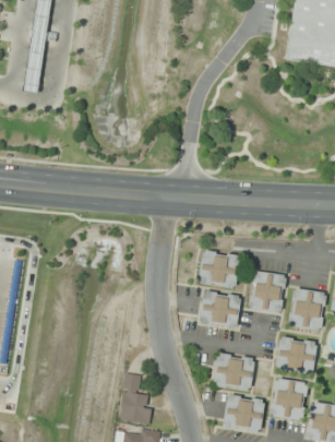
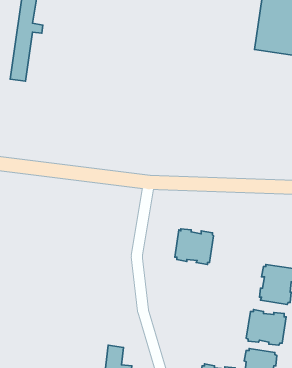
building: [249,270,287,312] -> none
building: [200,290,241,328] -> none
building: [213,353,255,391] -> none

